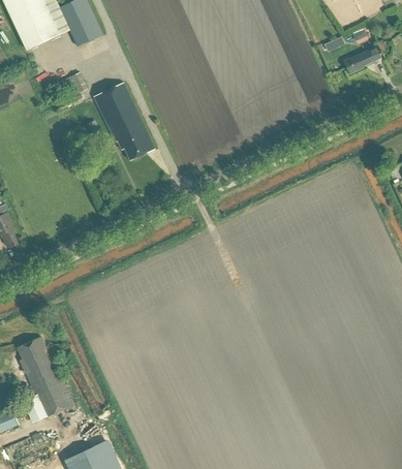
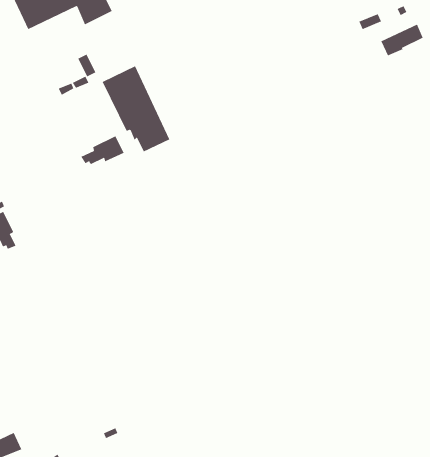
building: none -> [81,136,125,165]
building: [17,335,73,421] -> none

